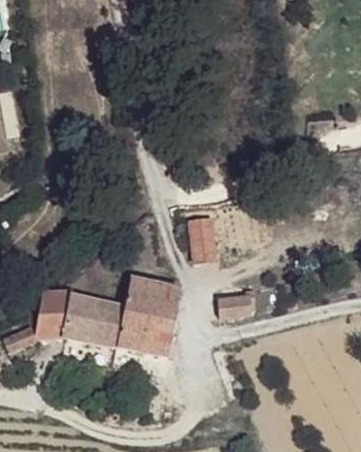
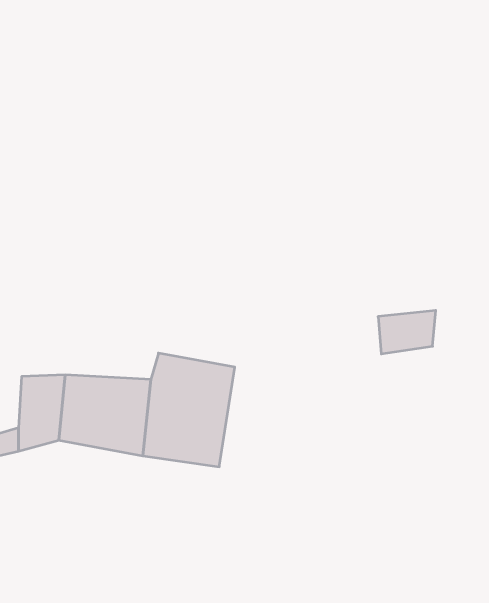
building: [187,217,214,262] -> none
building: [218,289,256,318] -> [378,310,436,354]

